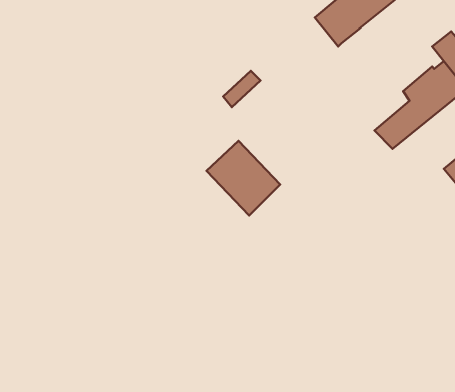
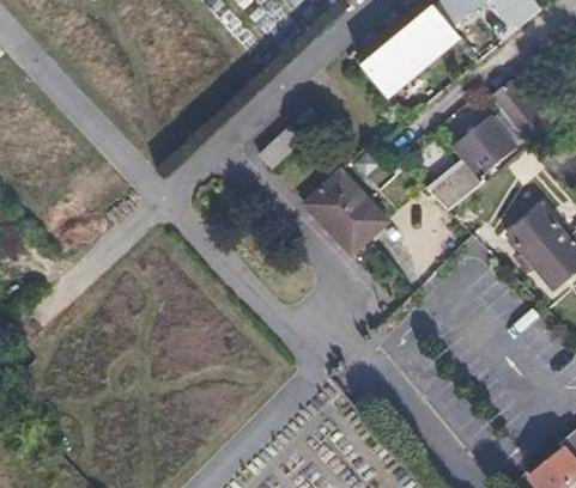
building: [207,141,280,216] -> [302,167,384,251]

